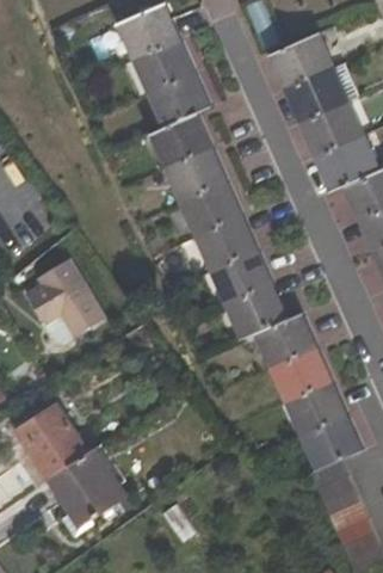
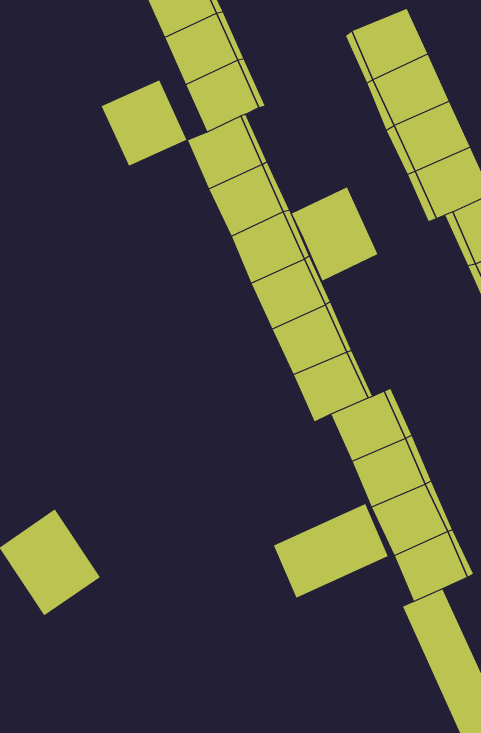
building: none -> [101,79,187,166]
building: none -> [291,186,378,281]
building: [25,259,104,338] -> none
building: none -> [273,503,389,599]
building: [47,448,125,538] -> none

